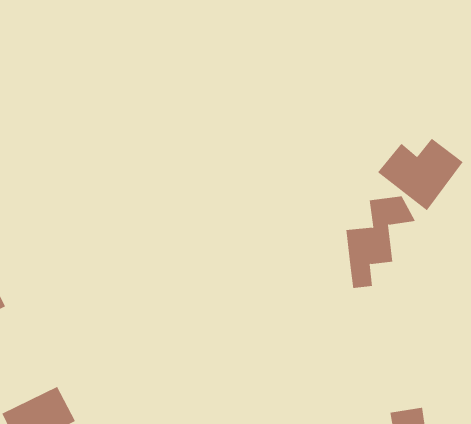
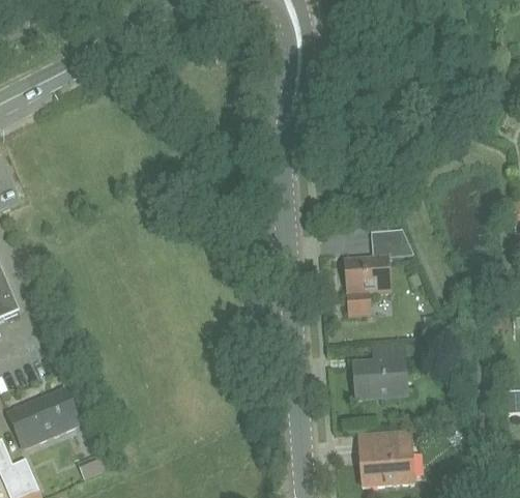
building: [377,138,464,211] -> none
building: none -> [353,346,407,400]

